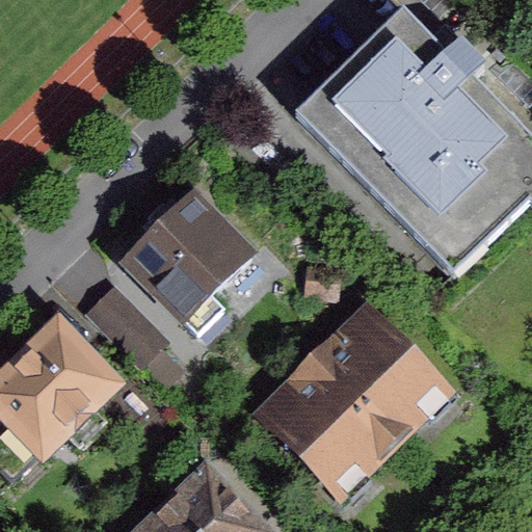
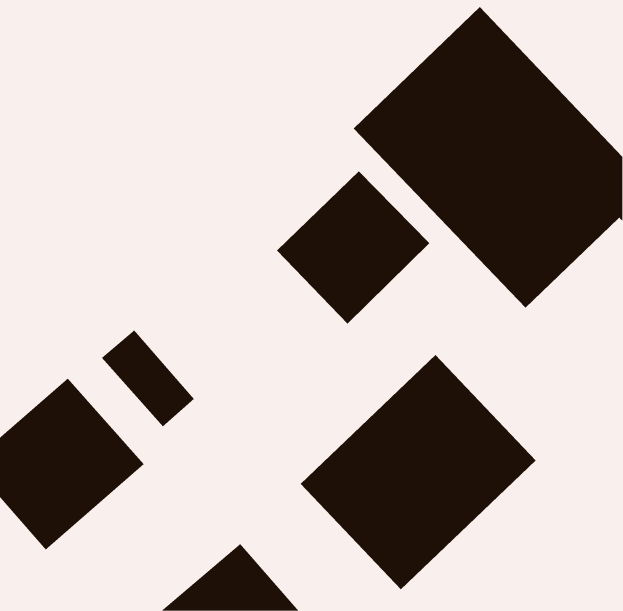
building: [126,195,256,325] -> [276,170,430,325]

